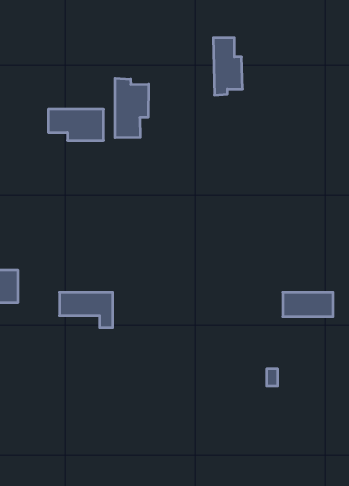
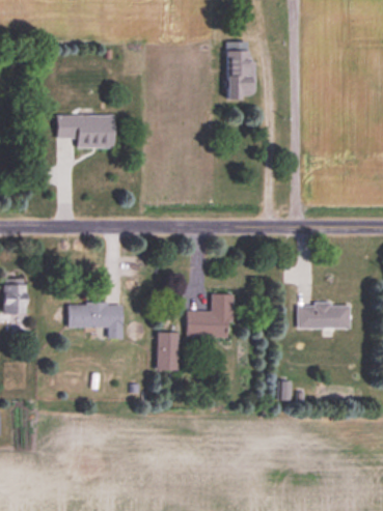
building: [115,78,149,138] -> none
building: none -> [187,294,232,338]
building: none -> [158,334,179,371]

